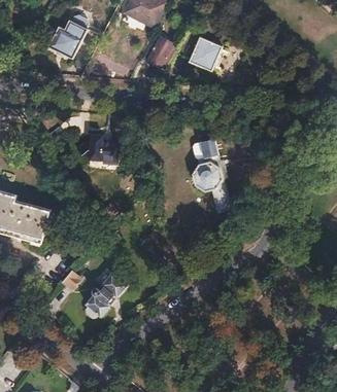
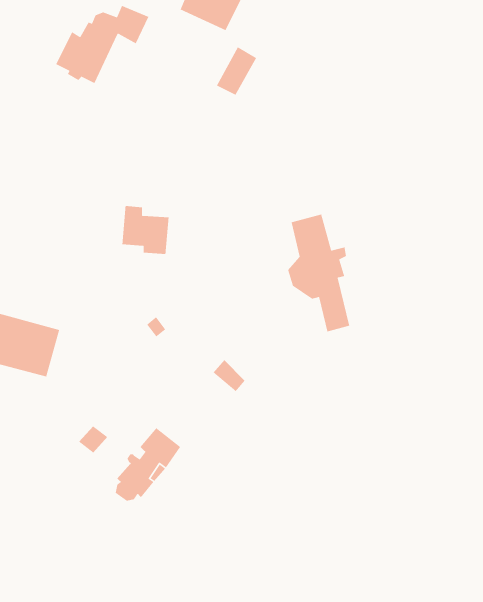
building: [189,36,222,71] -> none

